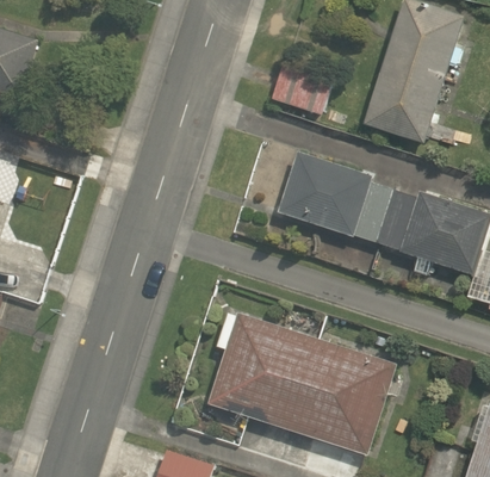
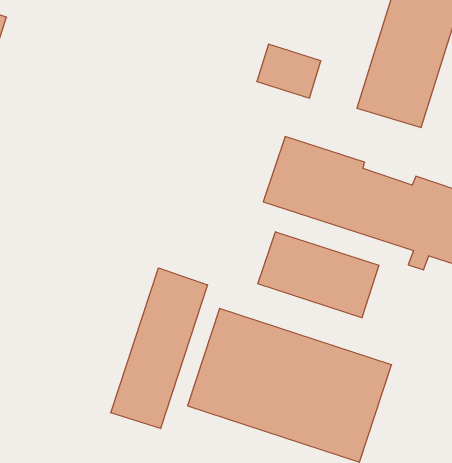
building: none -> [258,232,379,318]
building: none -> [111,268,208,429]

